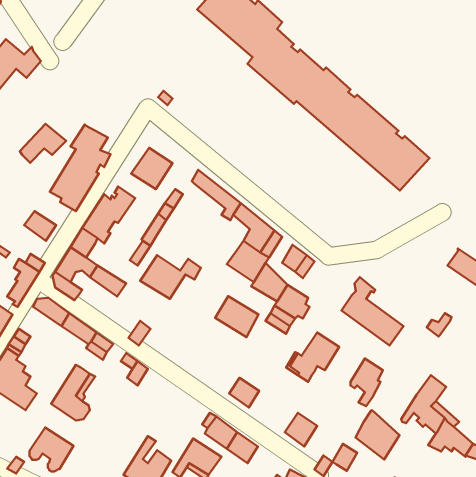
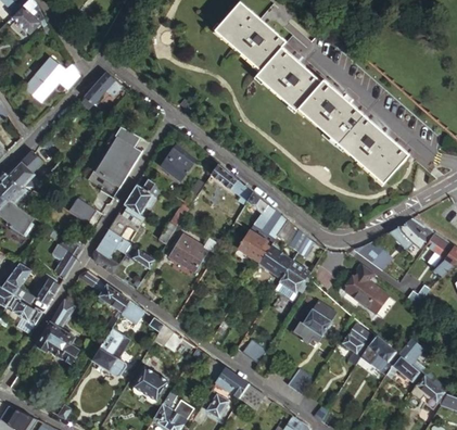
building: [20,124,66,163] -> [82,72,122,104]
building: none -> [395,217,432,249]
building: none -> [348,241,389,269]
building: [215,296,259,337] -> none
building: [356,411,400,460] -> [360,332,397,374]
building: [30,428,74,472] -> [128,369,165,406]

